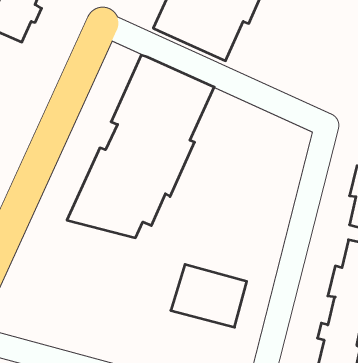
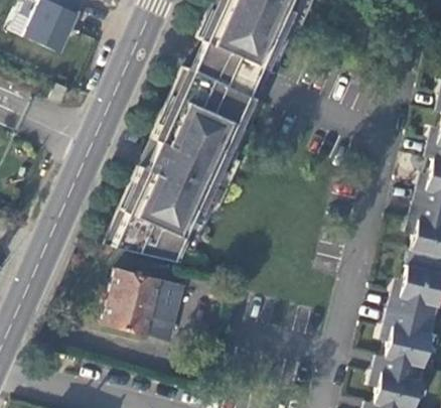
building: none -> [193,40,277,101]
building: [171,264,247,327] -> [100,270,181,337]

